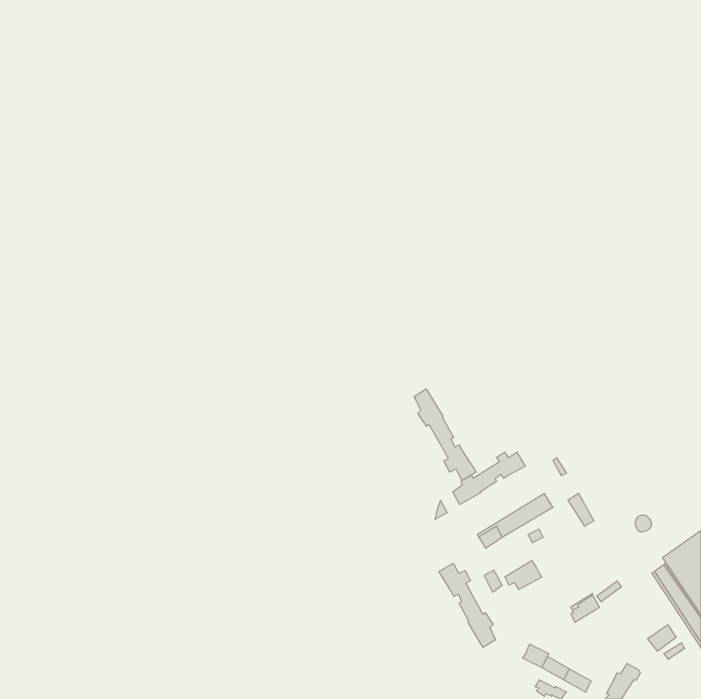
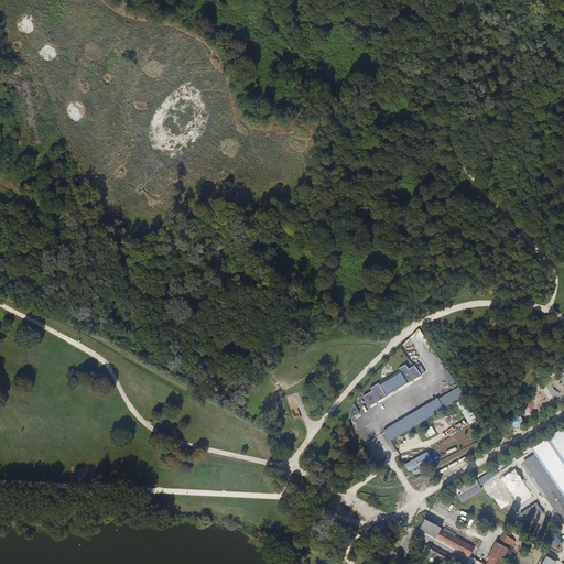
building: [414,389,476,480] -> none
building: [439,563,496,647] -> none

